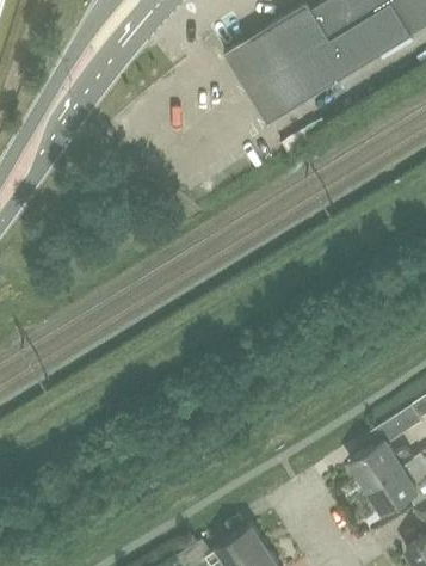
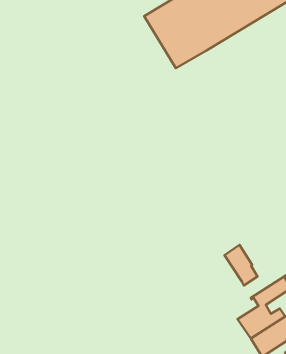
building: none -> [224,245,258,286]

